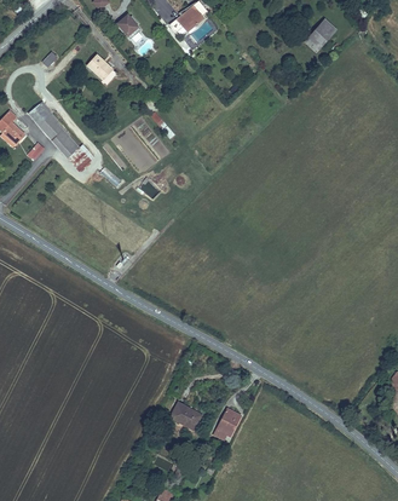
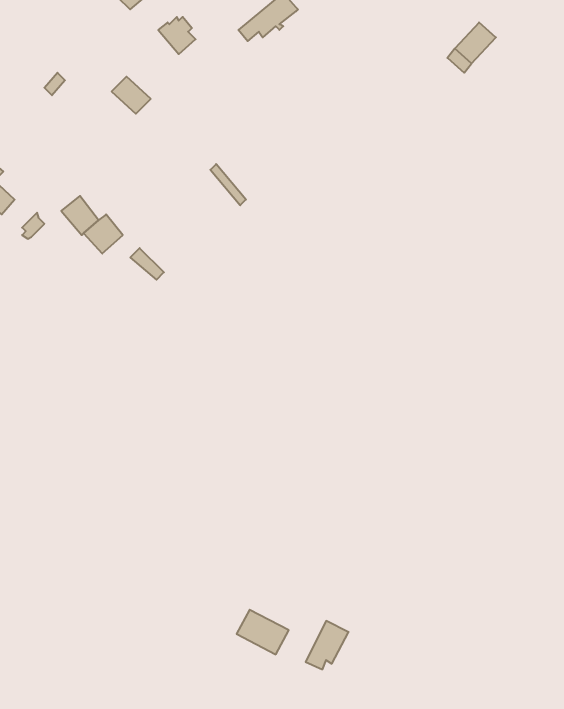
building: [29,102,67,142] -> none

